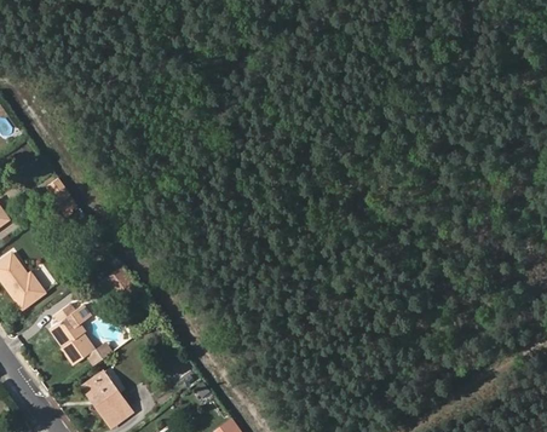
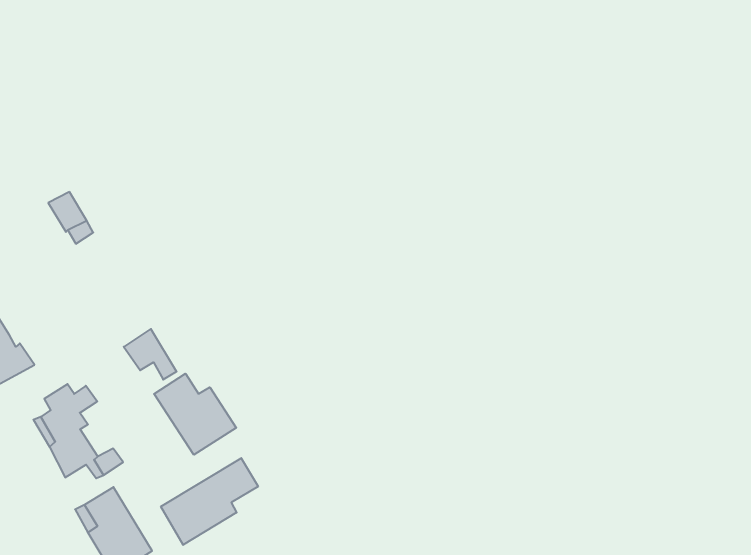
building: none -> [154,374,236,455]
building: none -> [161,458,258,545]

